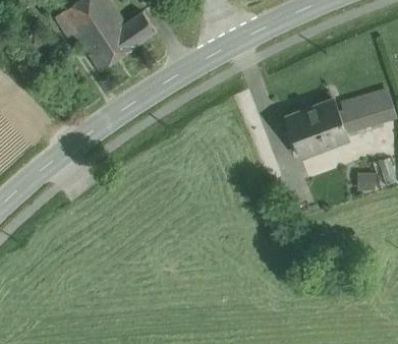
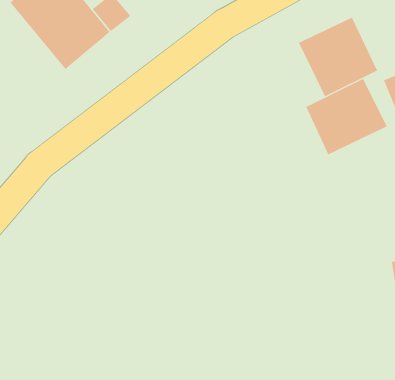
building: none -> [298,17,378,97]

